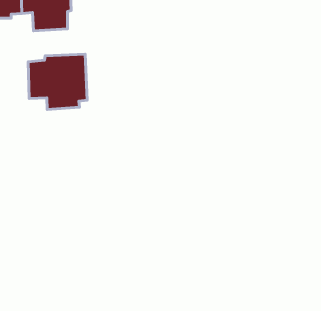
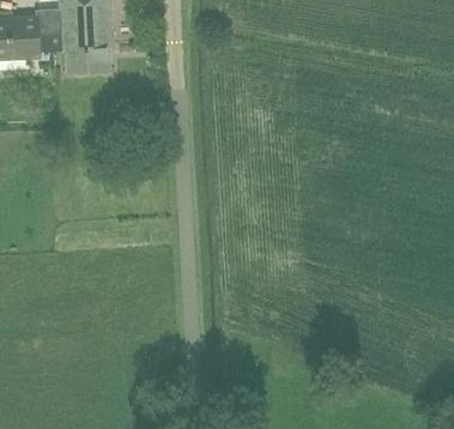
building: [28,54,87,109] -> none

